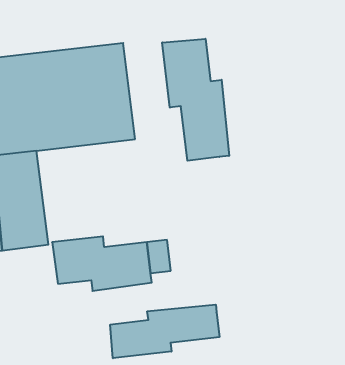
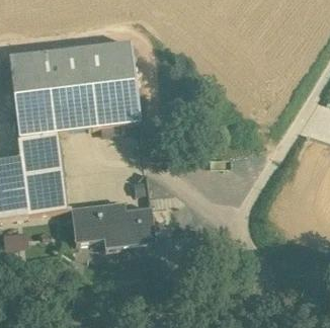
building: [162,39,229,161] -> none
building: [110,305,219,358] -> none

